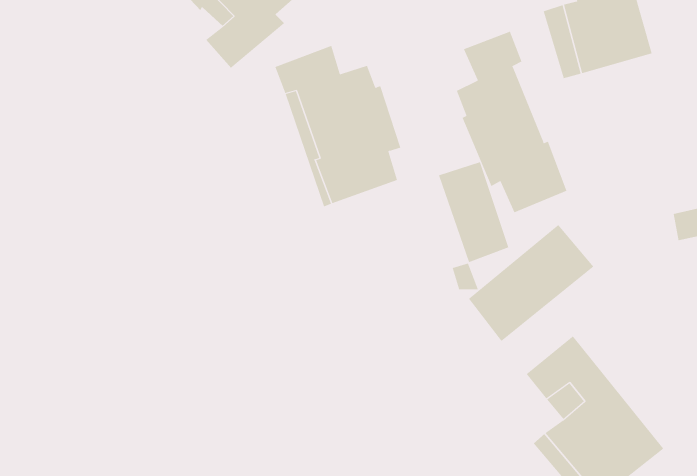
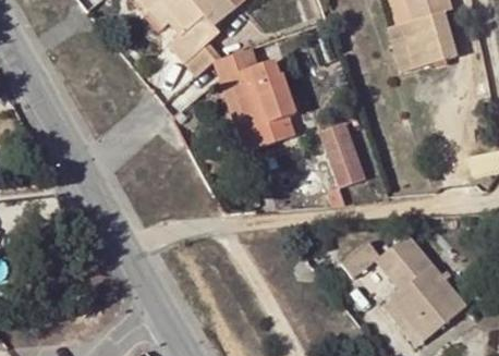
building: [456,31,567,213] -> none
building: [468,224,594,342] -> none

